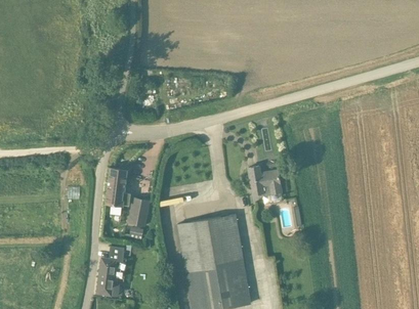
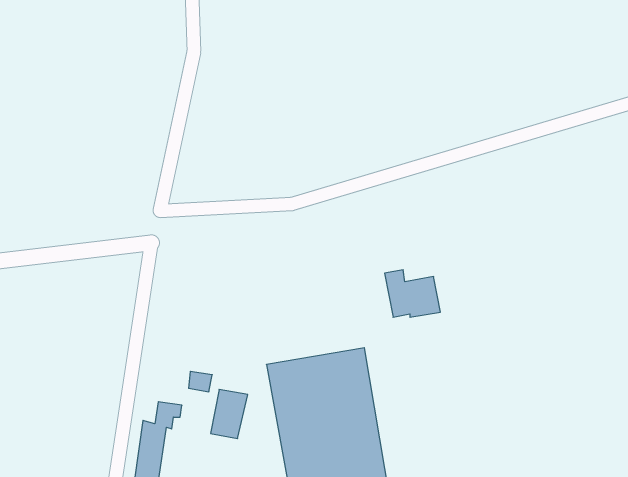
building: [107,168,128,207] -> none
building: [129,197,152,227] -> [211,389,248,439]

